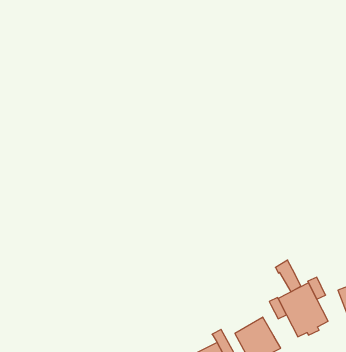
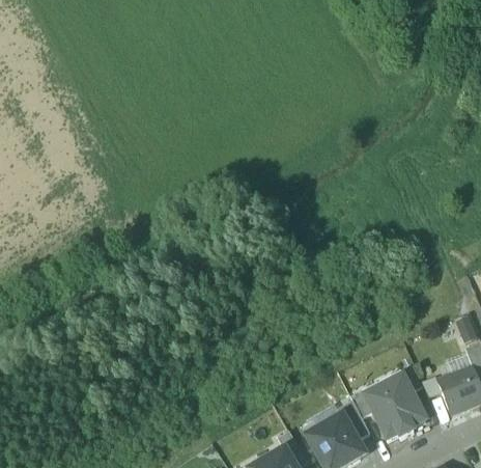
building: [275,260,301,292] -> [336,400,368,440]

